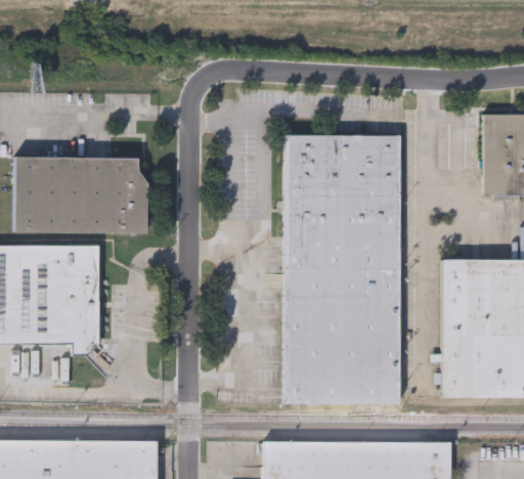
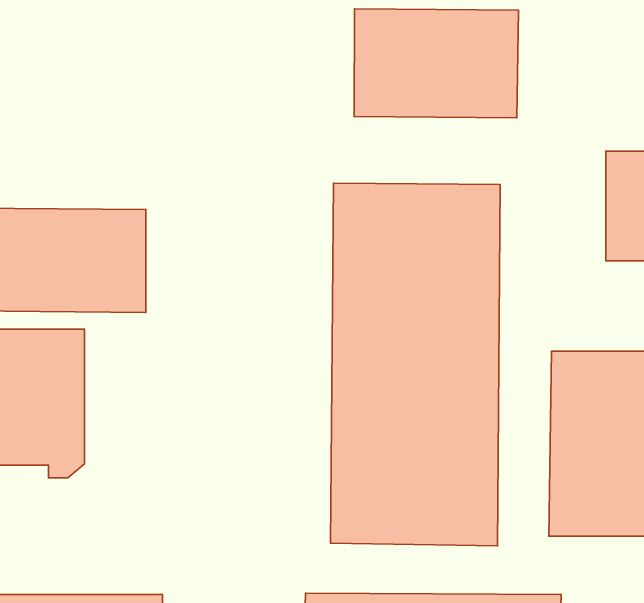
building: none -> [354,9,518,118]

